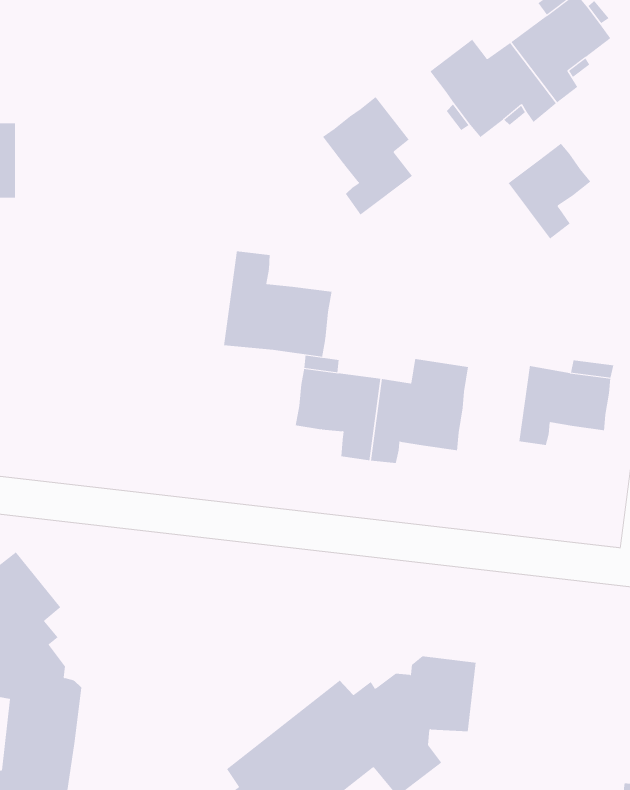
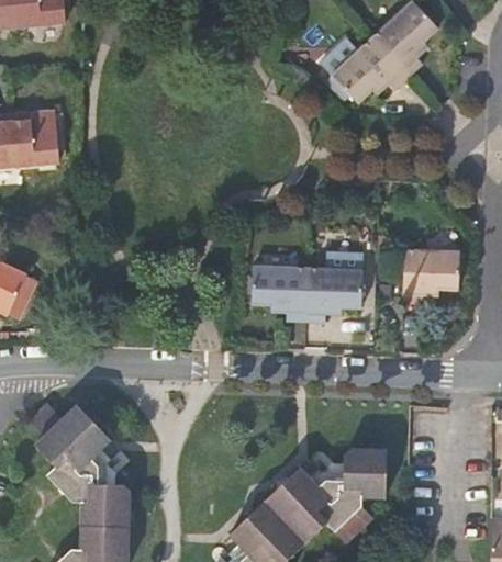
building: [322,96,413,216] -> none
building: [508,143,591,239] -> none
building: [223,250,332,357] -> none

